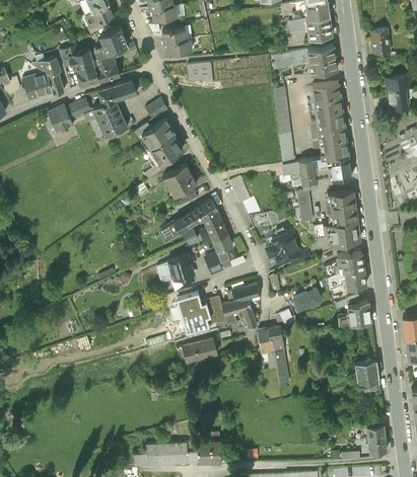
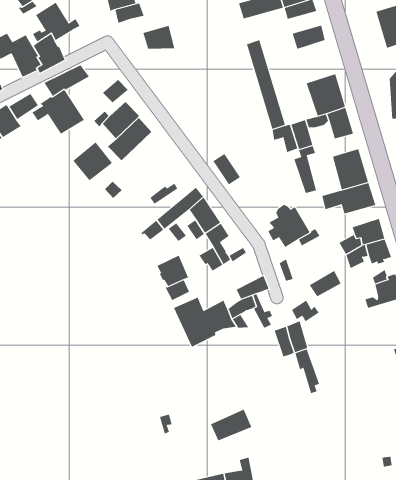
building: [314,94,343,128] -> none
building: [162,164,196,196] -> [72,141,113,181]
building: [182,338,216,362] -> [210,409,252,441]

